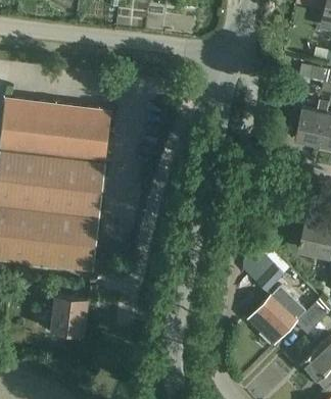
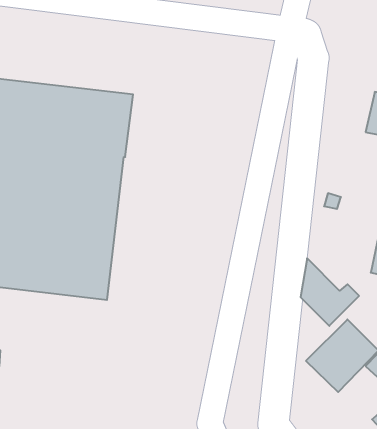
building: [52,294,89,335] -> none

